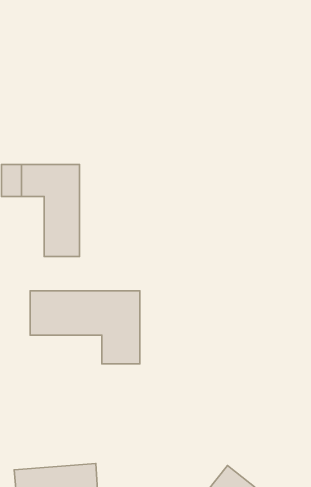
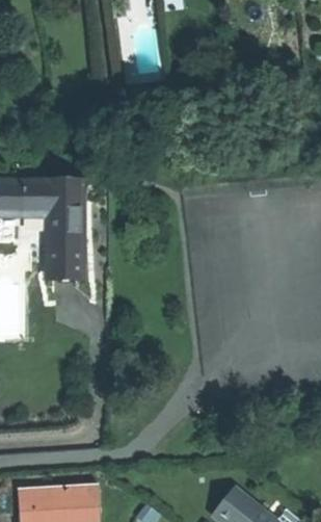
building: [30,291,140,364] -> none

